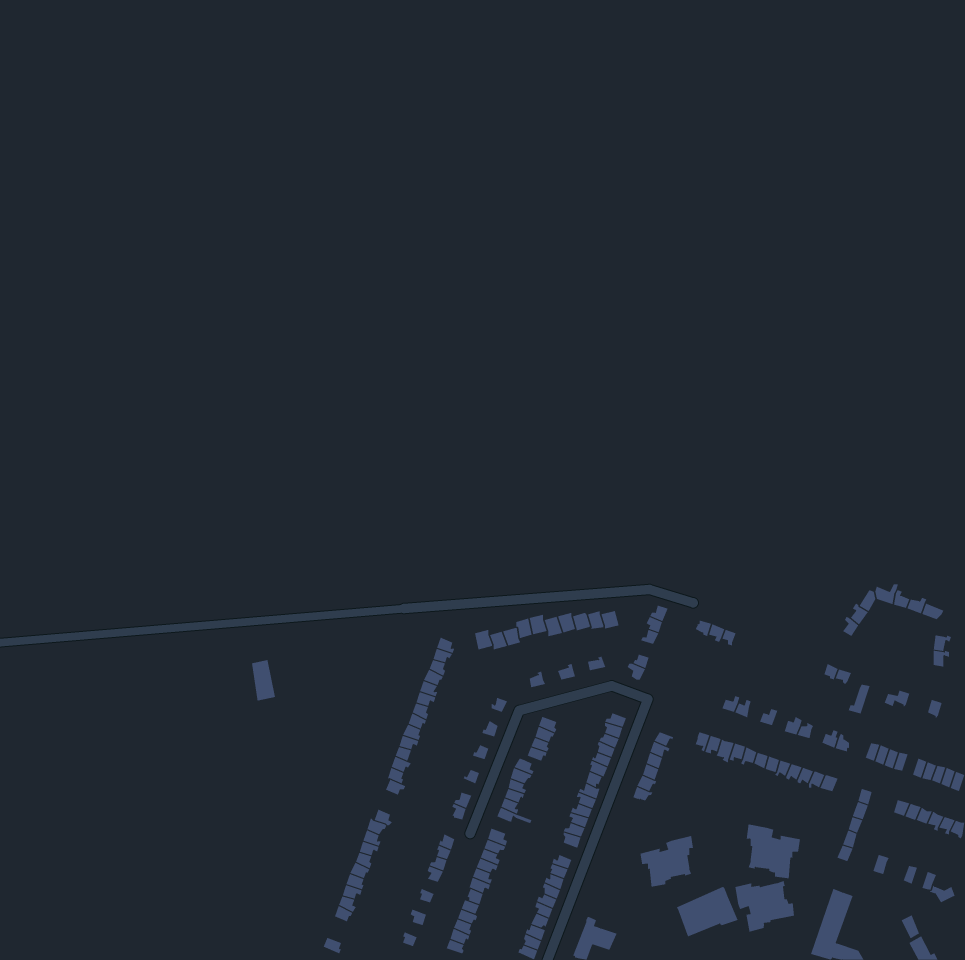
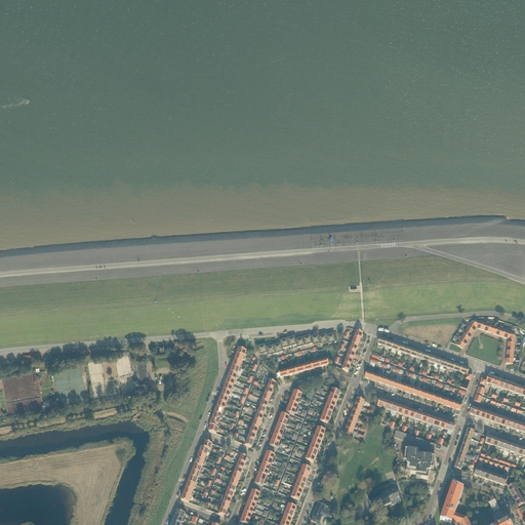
building: [640,835,693,888] -> none
building: [735,880,795,932] -> none

